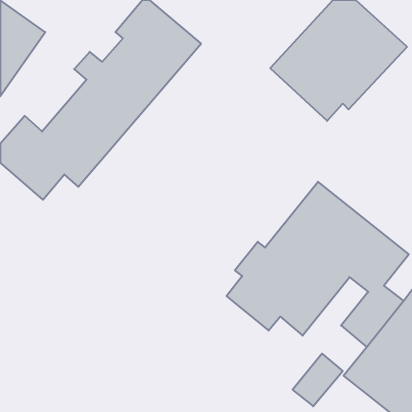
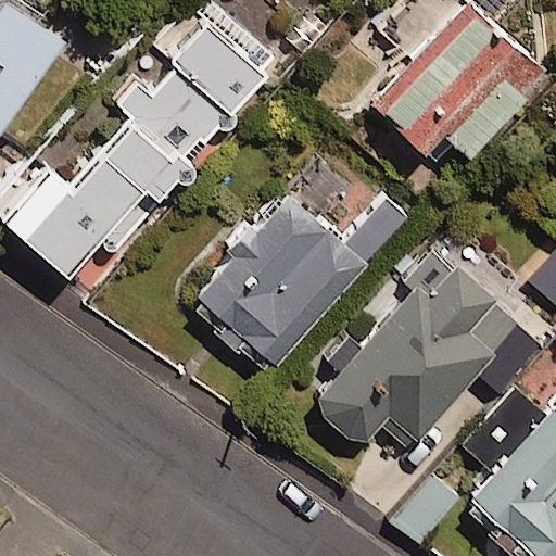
building: none -> [187,189,412,374]

